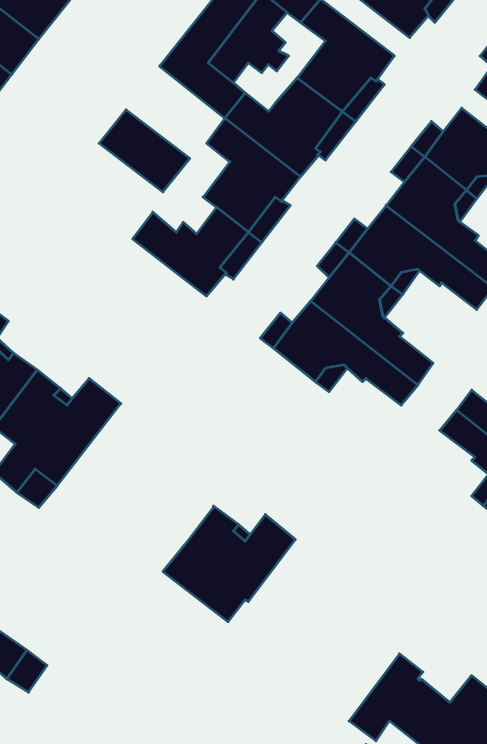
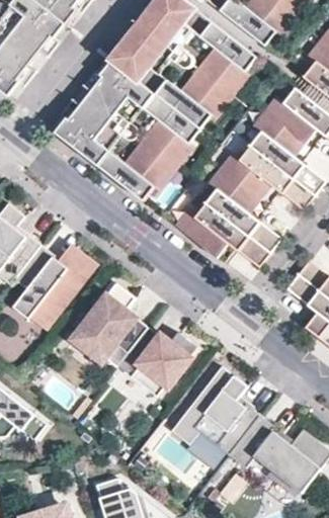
building: none -> [93,63,153,118]
building: none -> [57,109,115,167]
building: none -> [74,284,146,368]
building: none -> [170,367,258,457]

